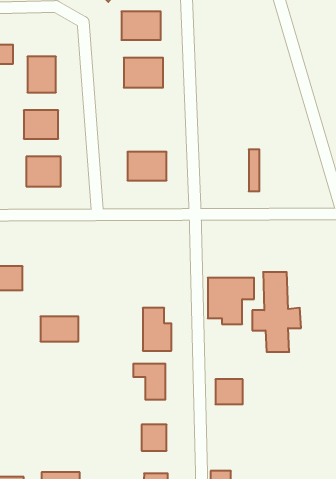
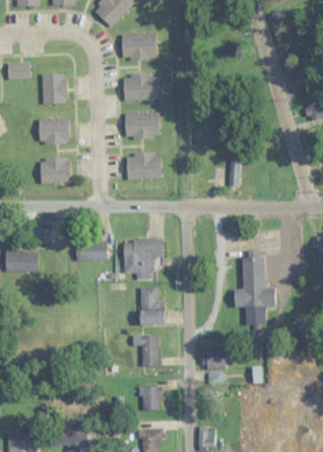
building: none -> [125,113,158,138]
building: [208,278,254,324] -> [124,240,164,279]
building: [40,316,78,341] -> [74,240,107,261]

